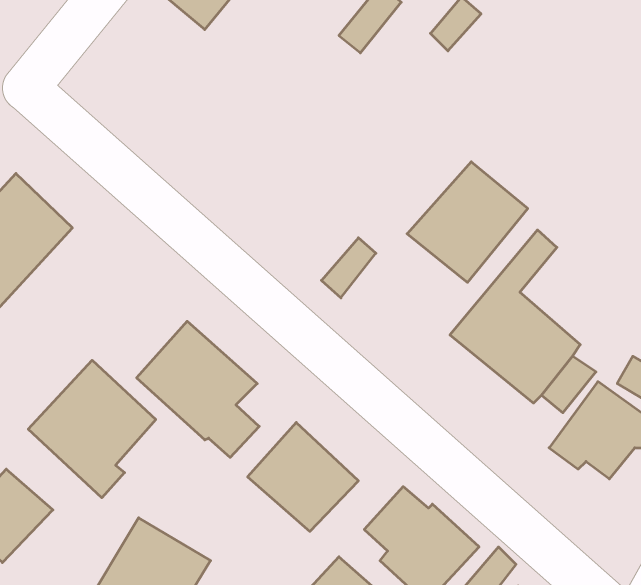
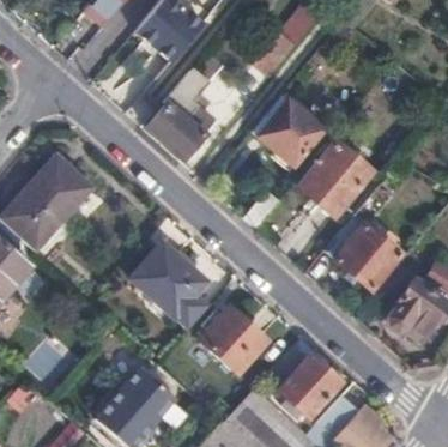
building: none -> [147,73,212,157]
building: none -> [253,95,323,168]
building: [28,360,156,498] -> none

